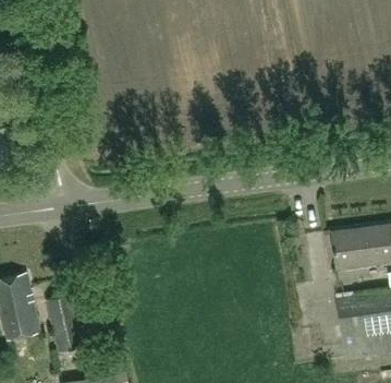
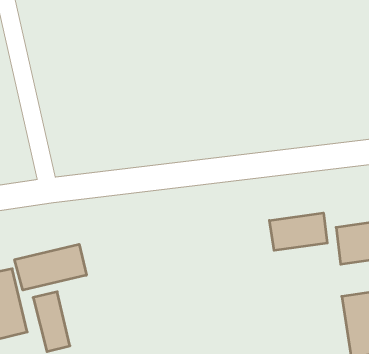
building: none -> [269,213,327,250]
building: none -> [15,244,86,290]

